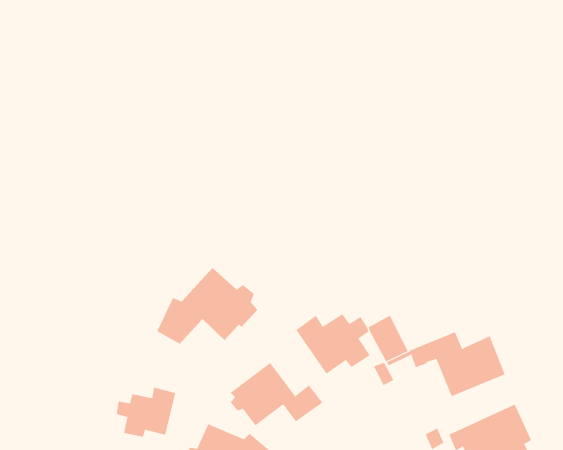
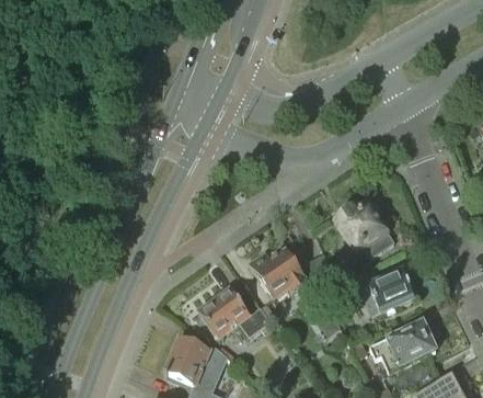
building: none -> [336,203,396,257]
building: [156,267,258,344] -> none
building: [116,387,176,437] -> none

